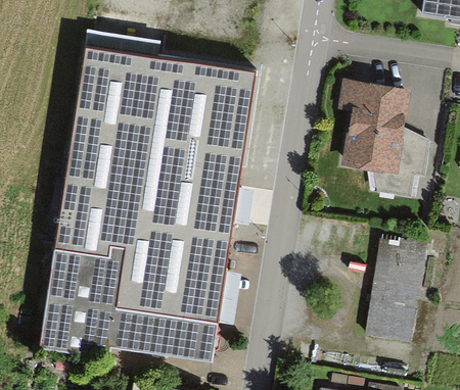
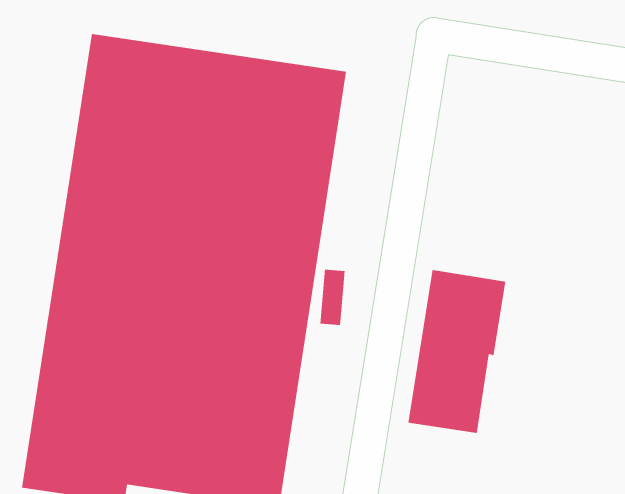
building: [339,80,433,199] -> none
building: [365,234,431,344] -> [407,269,506,434]

